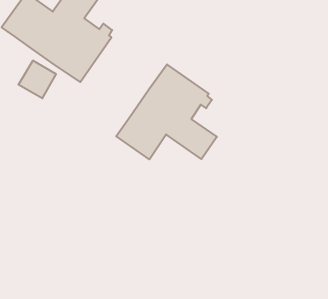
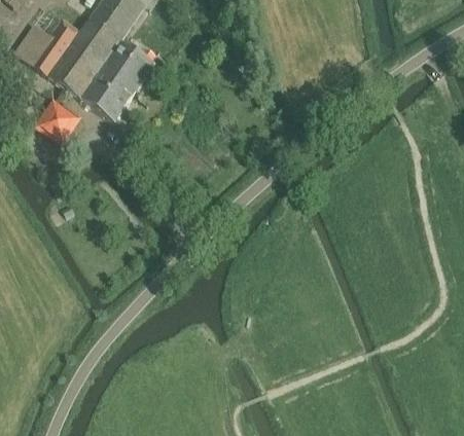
building: [116,64,217,159] -> none

